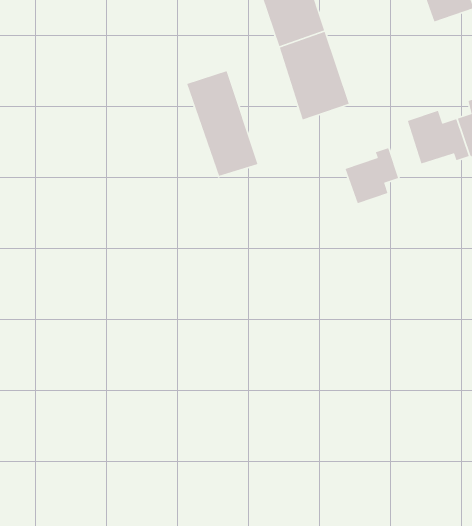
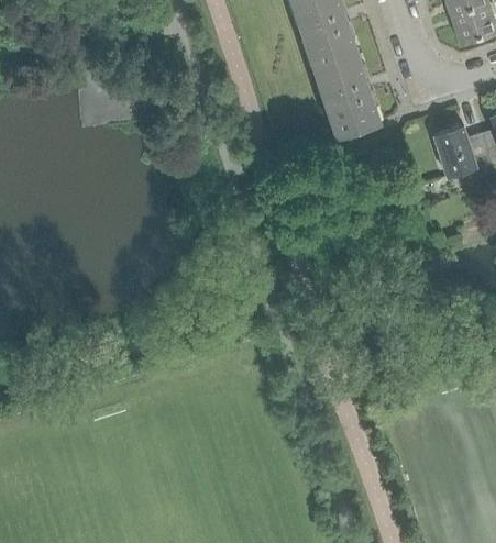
building: [186,70,259,177] -> none
building: [345,147,399,204] -> none

